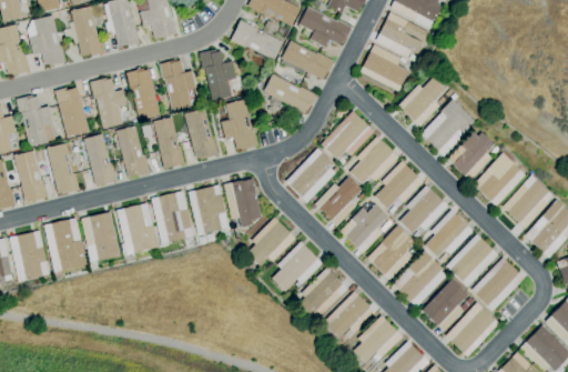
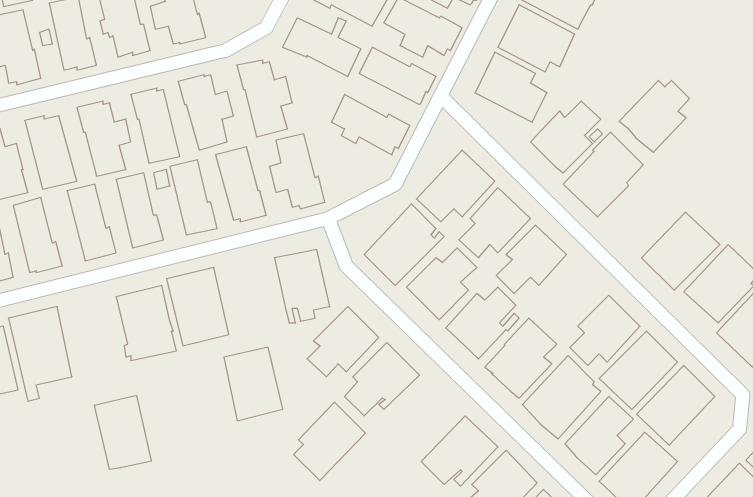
building: [447,131,495,180] -> [619,80,689,152]
building: [189,184,229,234] -> [224,347,283,421]
building: [399,184,448,232] -> none
building: [81,211,120,261] -> [94,396,151,469]
building: [298,268,347,321] -> [294,402,365,481]

